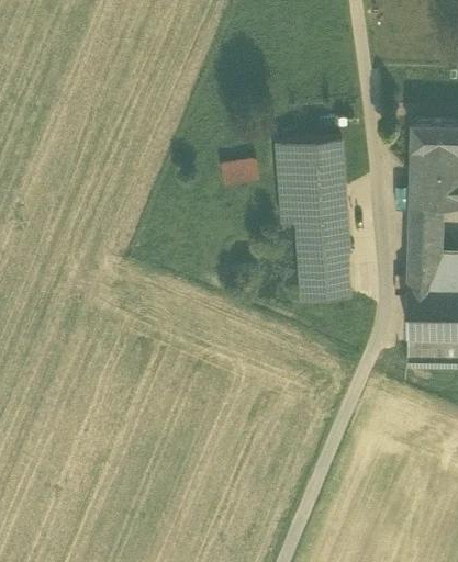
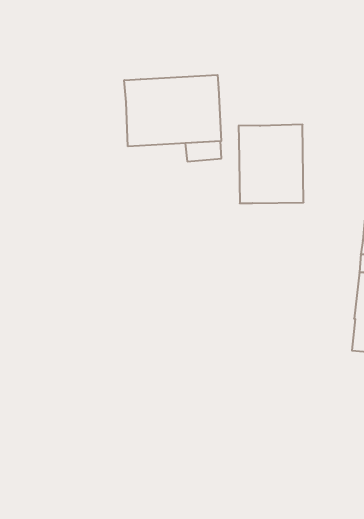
building: none -> [124,75,221,146]
building: [293,213,351,295] -> none

